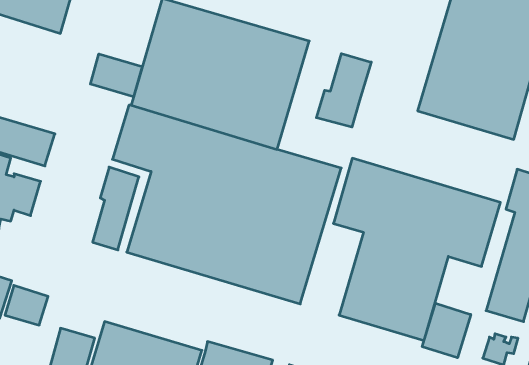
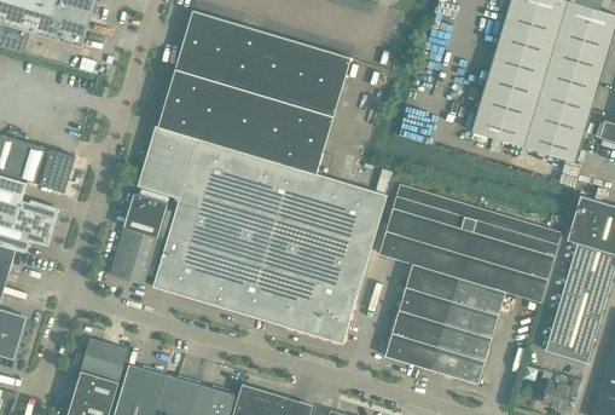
building: [316,54,371,127] -> none
building: [90,54,142,97] -> none
building: [5,285,48,325] -> [80,338,127,381]
building: [422,303,471,358] -> none

